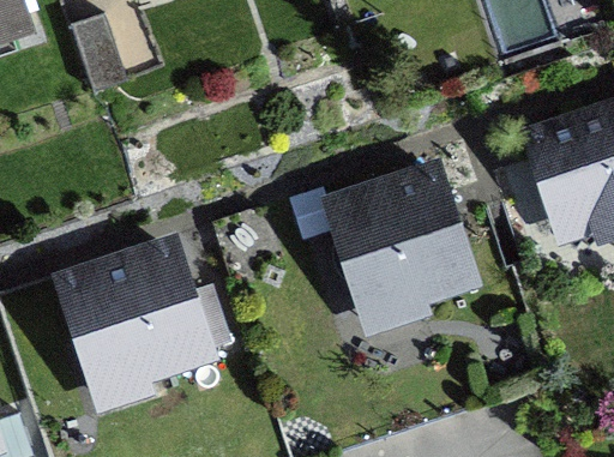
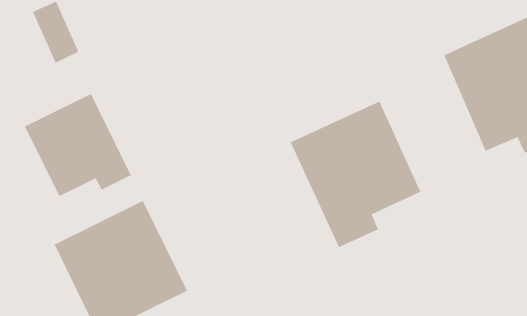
building: none -> [24,93,131,197]

